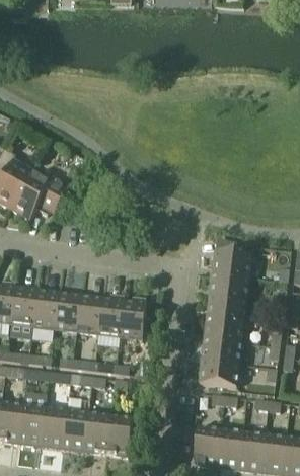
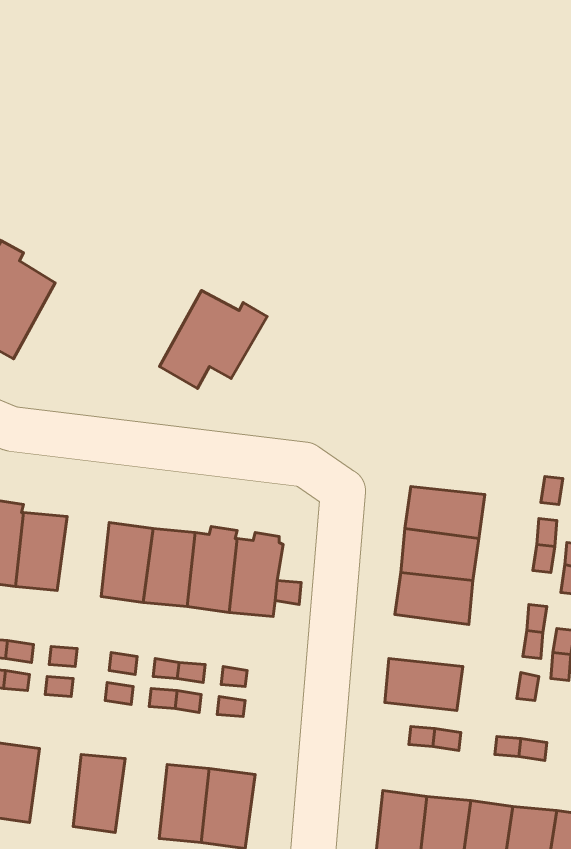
building: [10,170,65,220] -> [159,291,267,389]
building: [212,251,251,277] -> none
building: [32,289,59,329] -> none
building: [201,338,241,365] -> none
building: [18,406,45,446] -> none
building: [62,411,88,452] -> none

